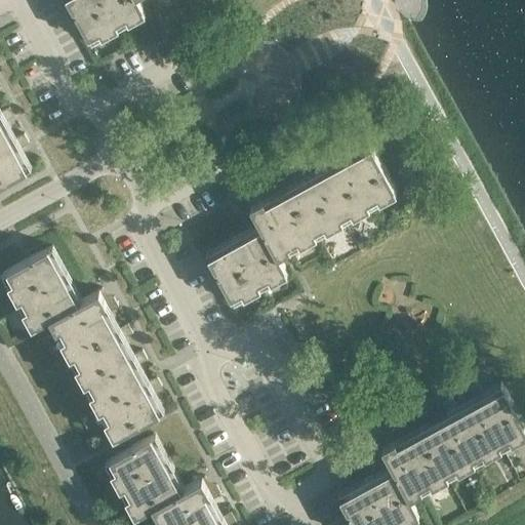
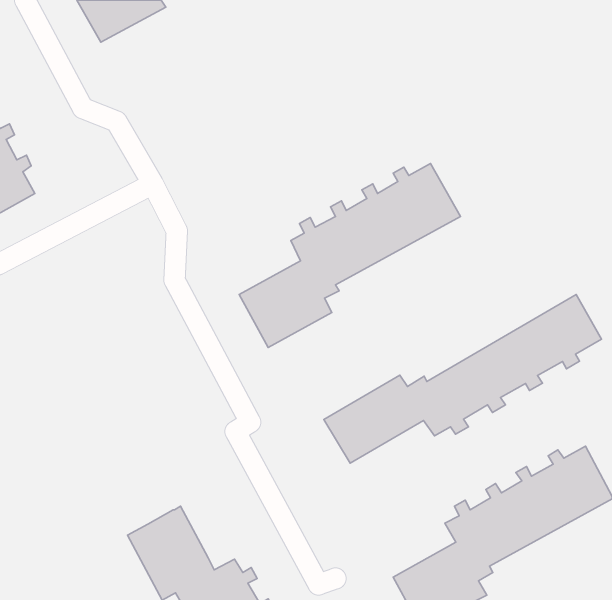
building: [5,256,163,445] -> none
building: none -> [324,294,602,463]

